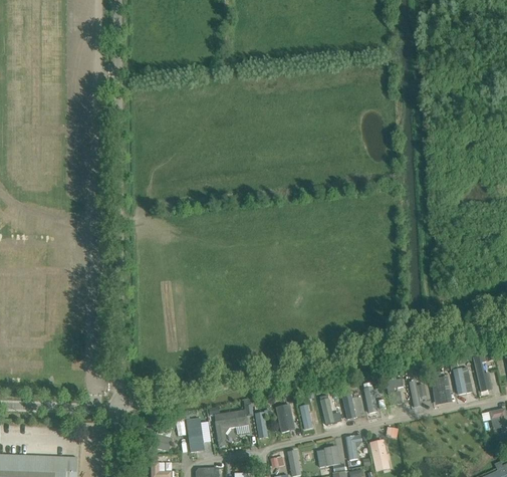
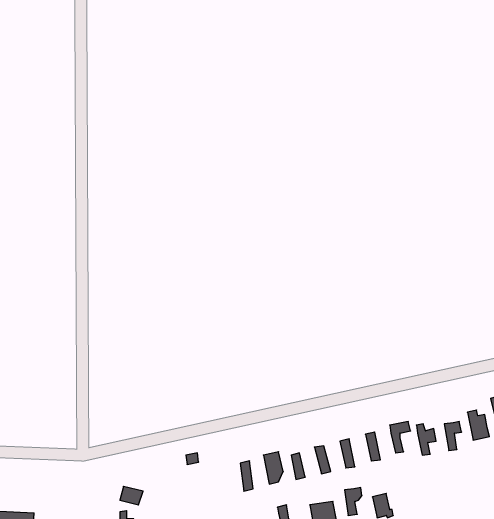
building: [215,418,248,447] -> none
building: [186,419,205,452] -> none

